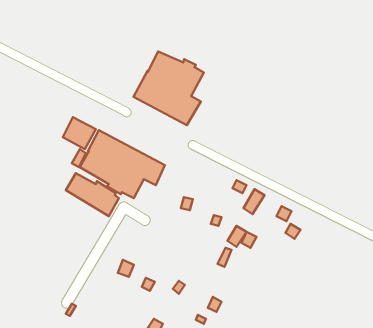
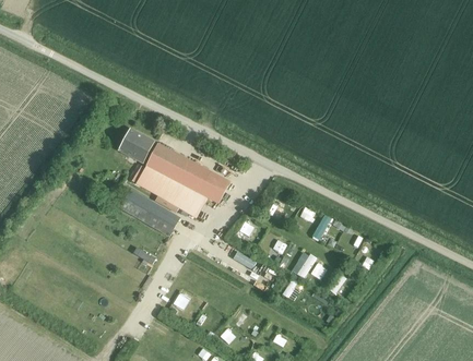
building: [134,51,204,125] -> none

